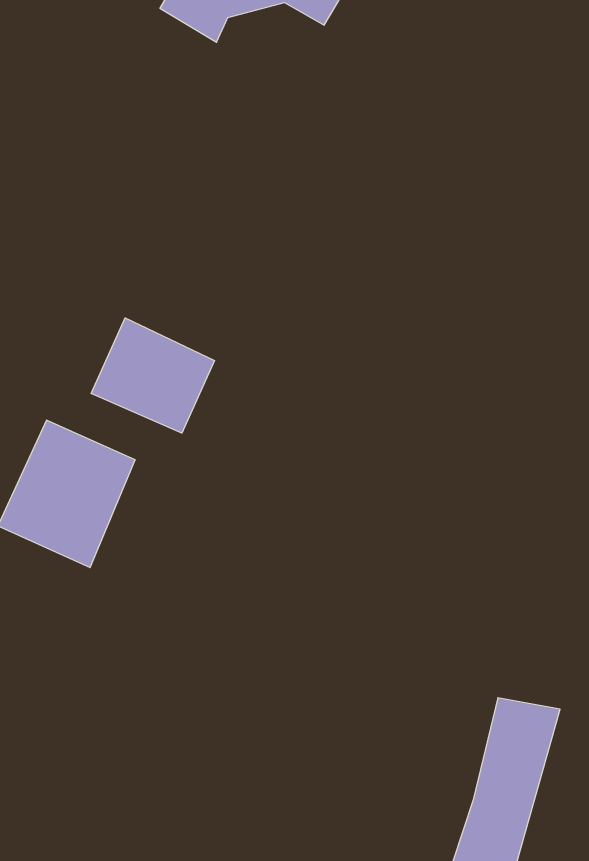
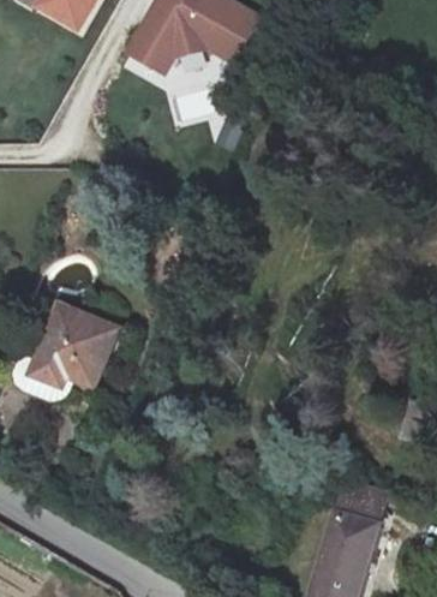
building: [91,318,215,433] -> none

